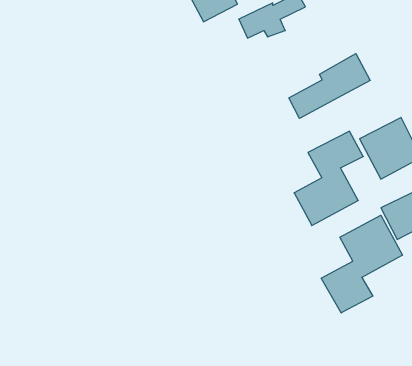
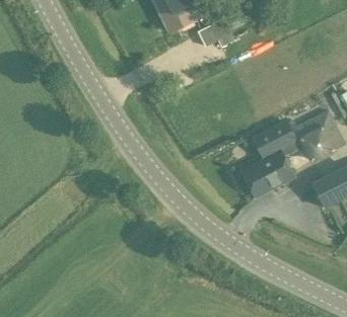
building: [289,54,370,118] -> none
building: [321,215,402,313] -> none

